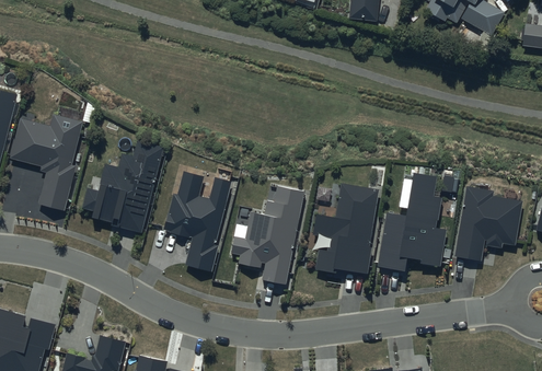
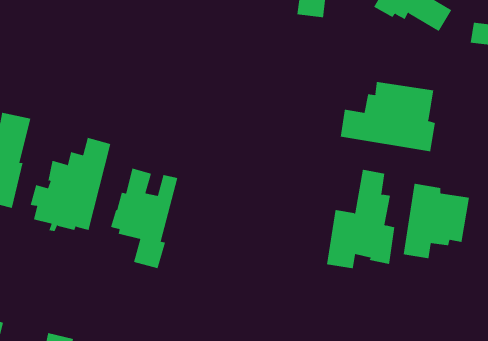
building: none -> [340,81,435,152]
building: [224,181,309,290] -> none
building: [312,184,377,274] -> none

